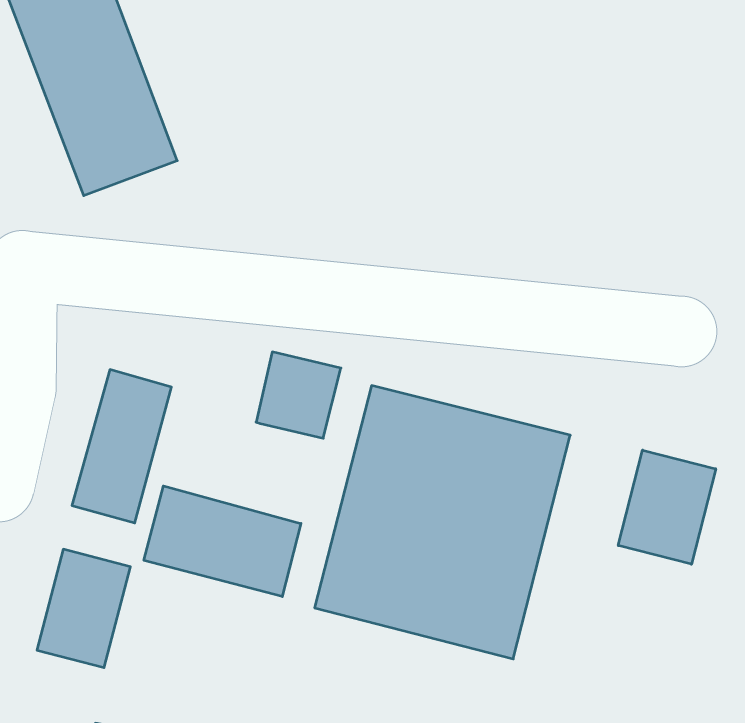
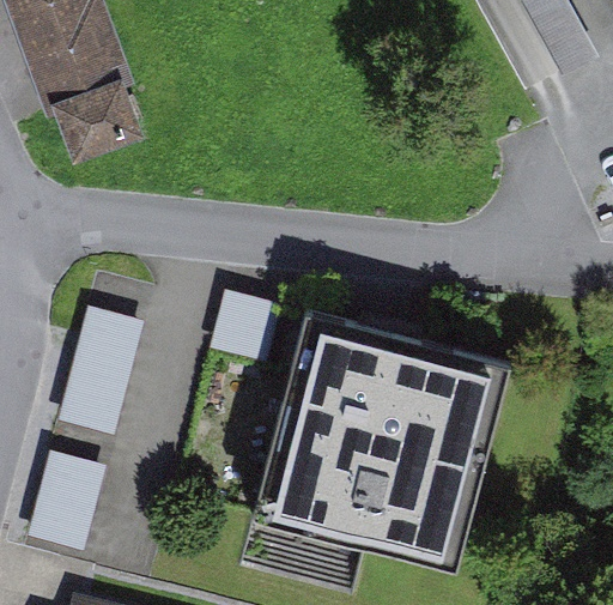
building: [618,450,716,564] -> none
building: [144,486,301,597] -> none

